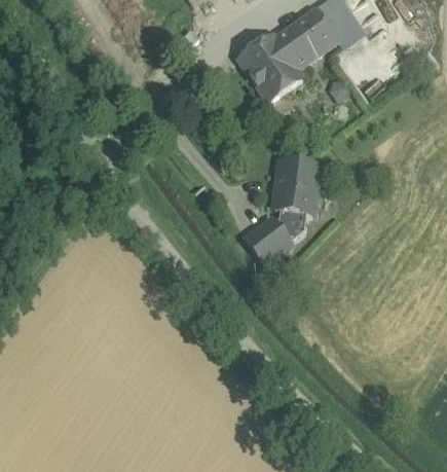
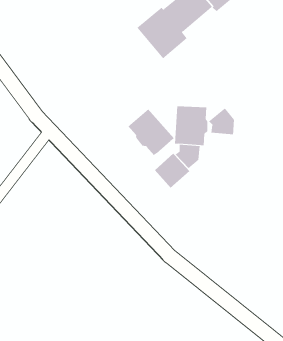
building: none -> [128,109,174,156]
building: none -> [208,107,234,135]

